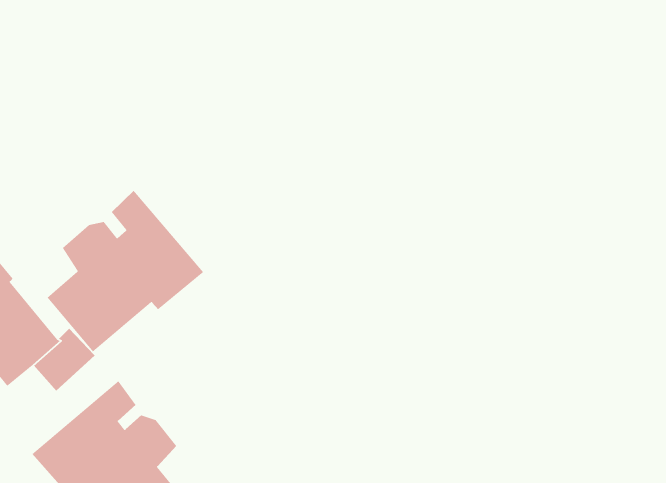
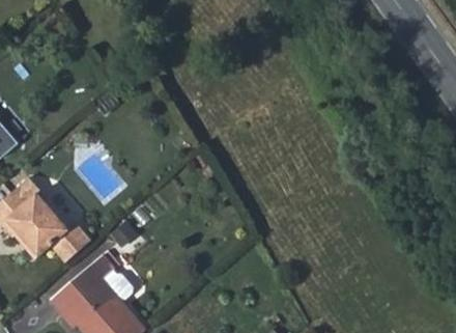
building: [46,190,204,353] -> none

